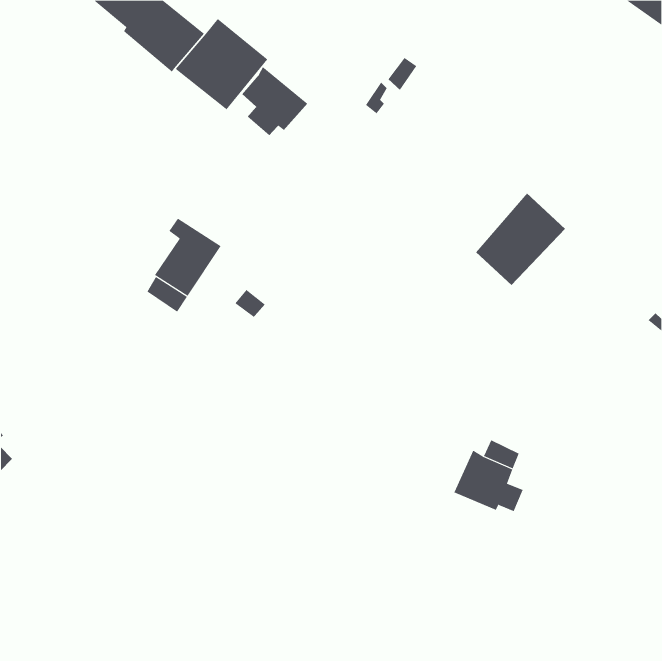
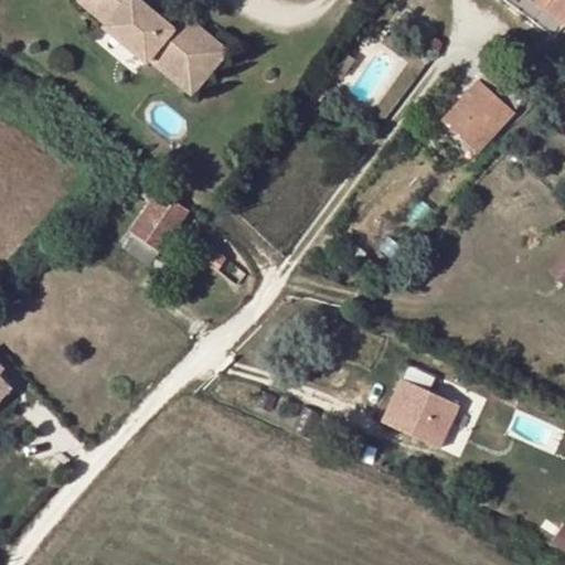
building: [242,66,308,136] -> none
building: [475,193,566,286] -> [446,71,523,150]

